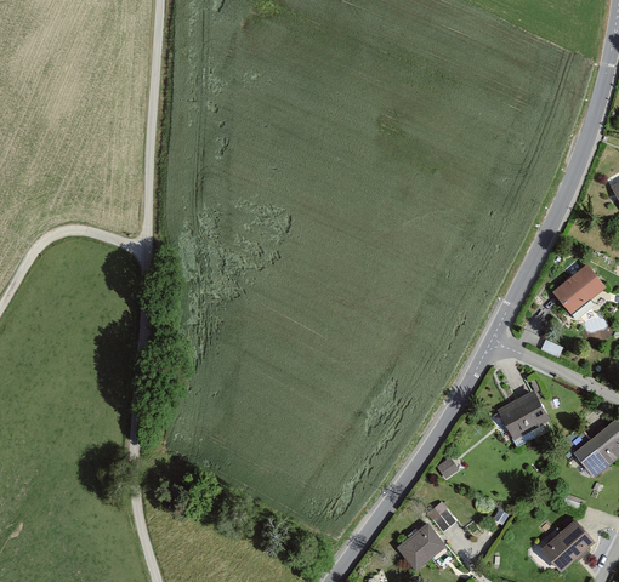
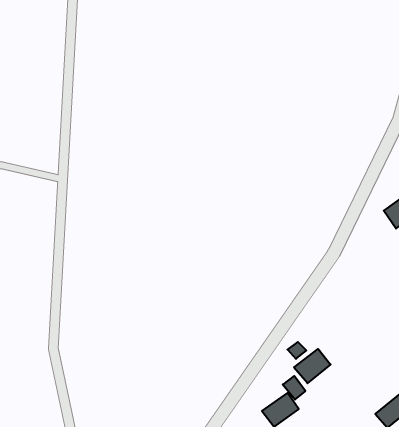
building: [499,395,549,439] -> none
building: none -> [294,349,331,383]

